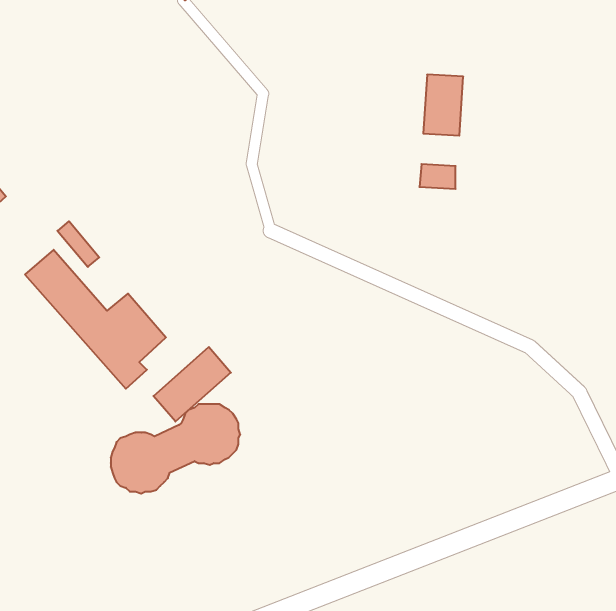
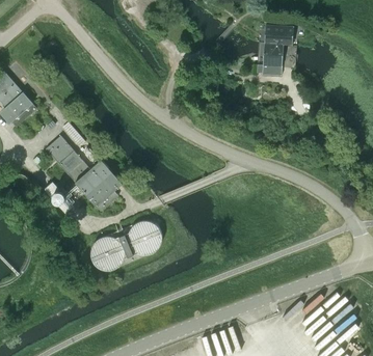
building: none -> [264,23,293,44]
building: [153,347,231,422] -> none

